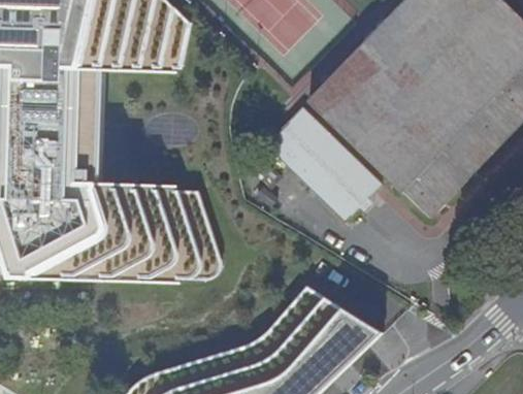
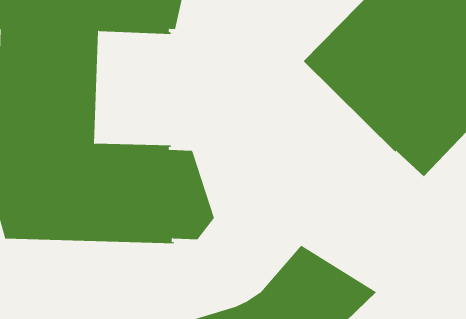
building: [264,106,380,222] -> none

